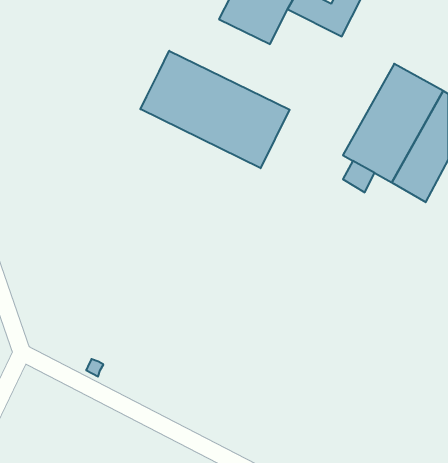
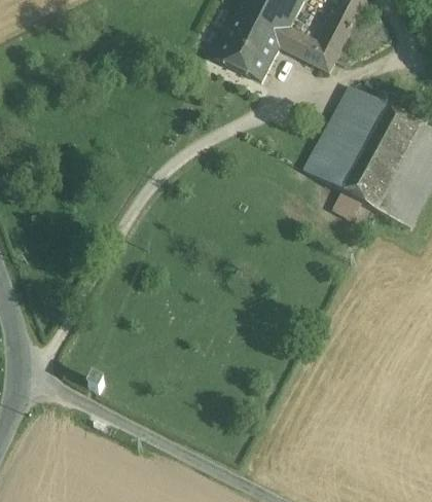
building: none -> [304,81,380,183]
building: [140,51,290,168] -> none

